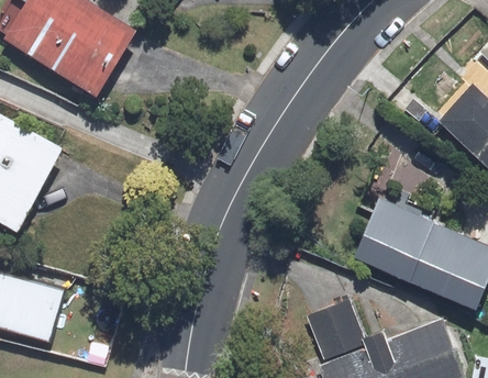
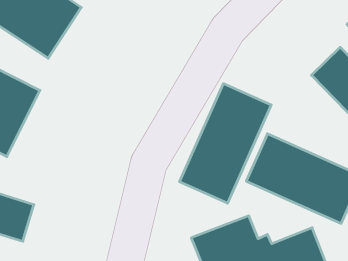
building: none -> [180,84,271,203]

